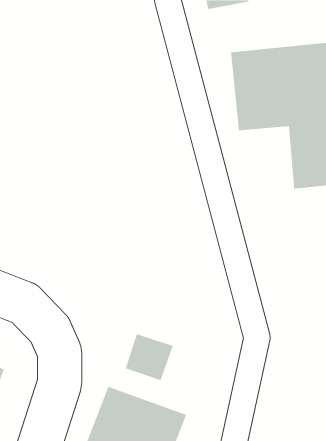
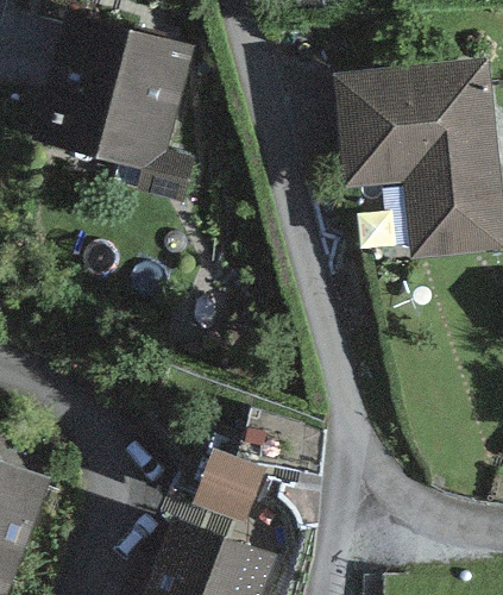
building: none -> [52,19,194,162]

